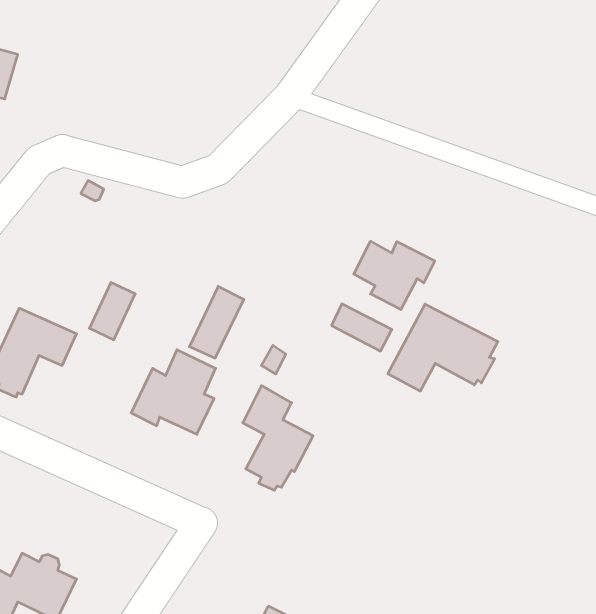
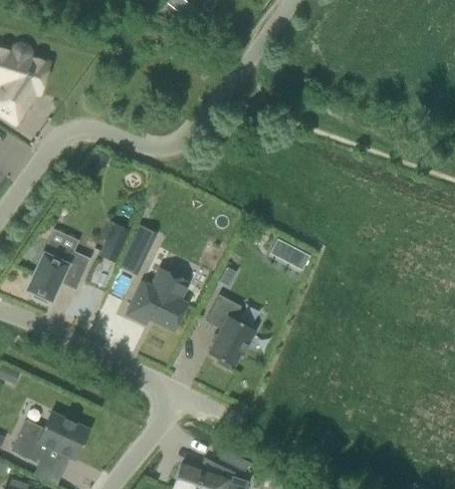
building: [354,241,435,310] -> none
building: [189,286,244,358] -> [119,224,157,274]
building: [388,304,498,391] -> none

